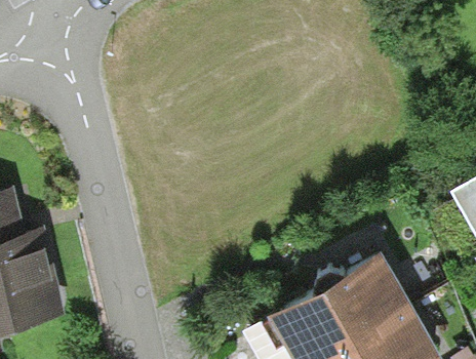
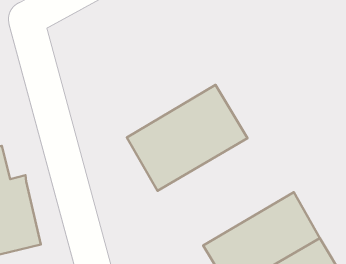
building: none -> [127,85,247,191]

